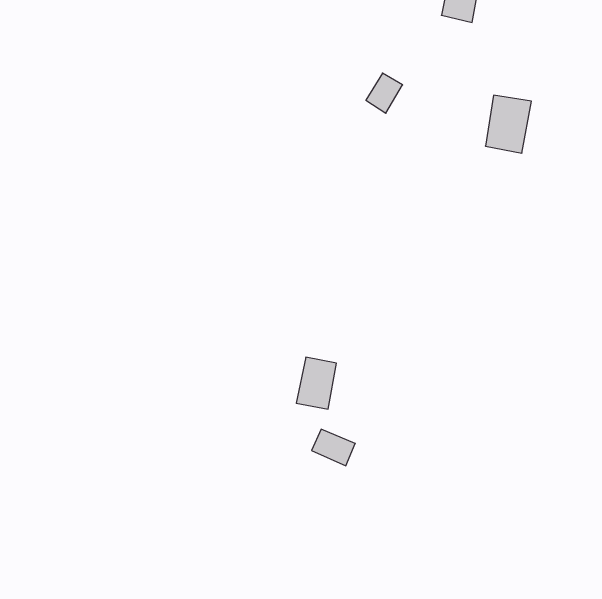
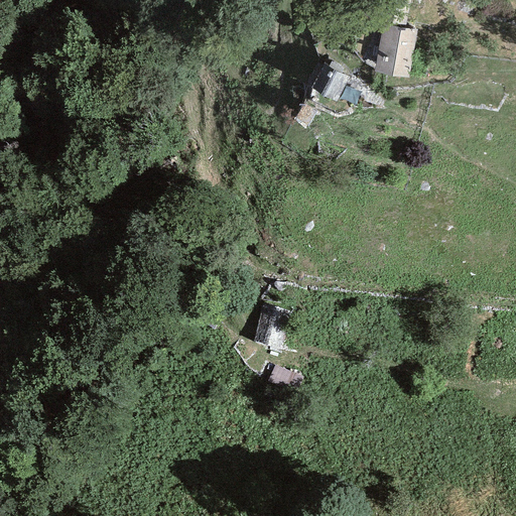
building: [485,95,531,153] -> [376,22,415,72]

